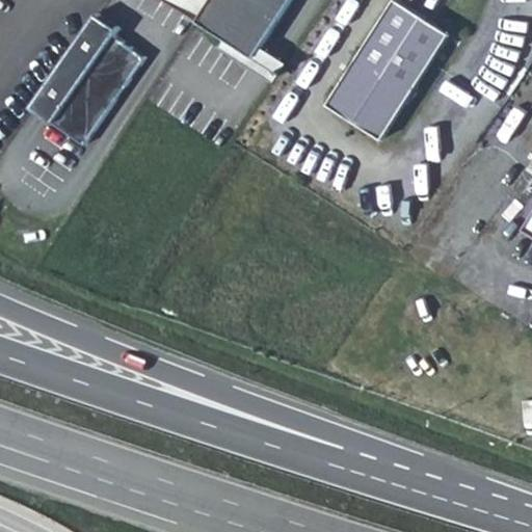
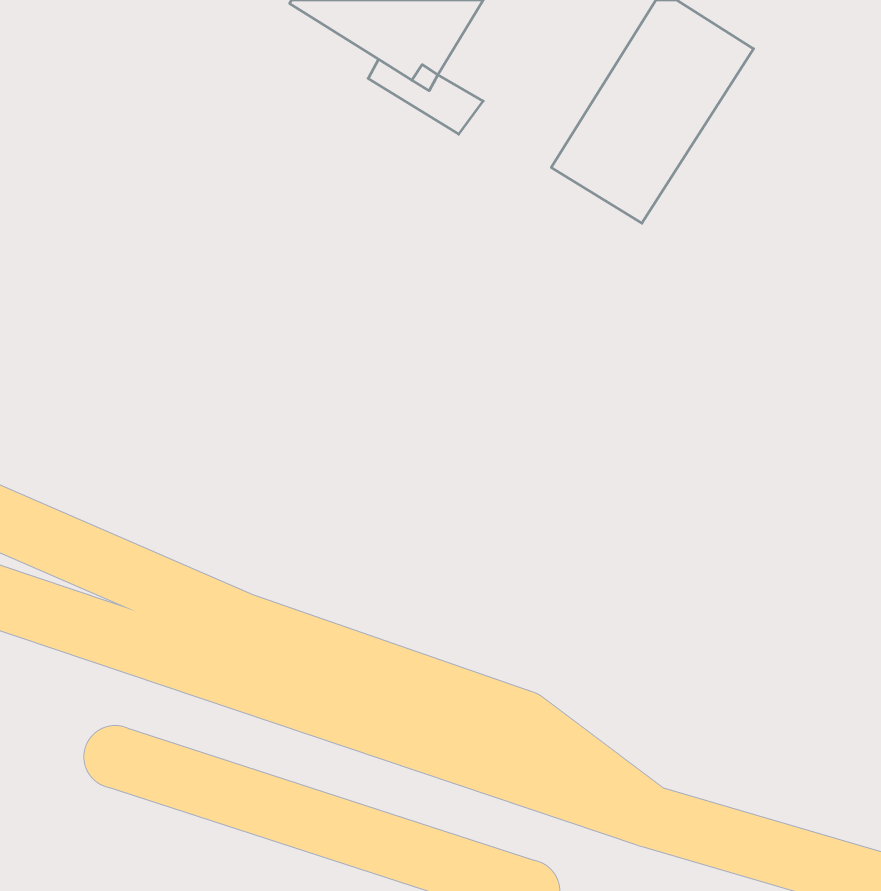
building: [26,17,141,149] -> none

